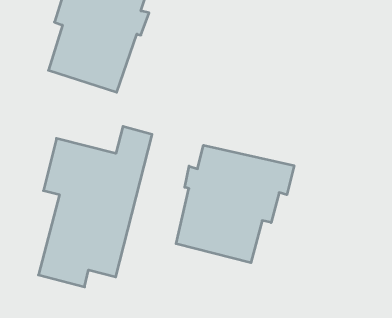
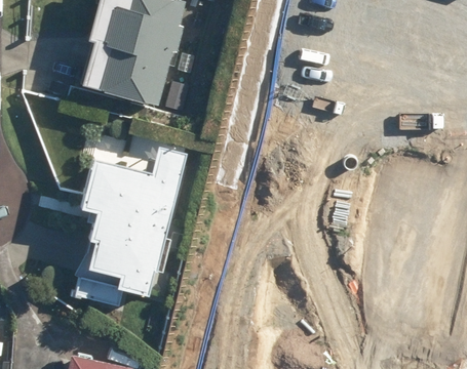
building: [176,145,294,263] -> none

